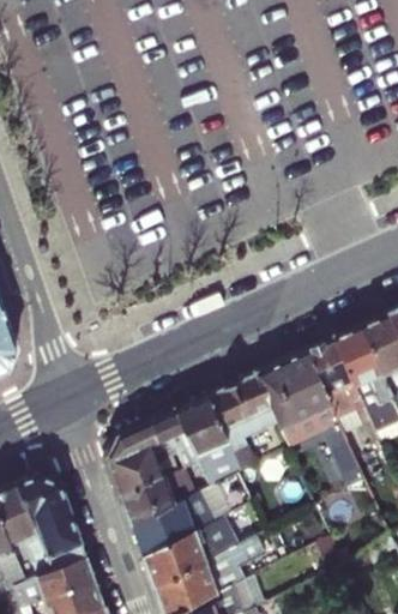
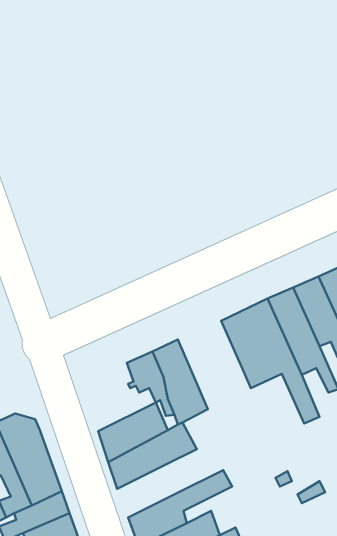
building: [211,375,281,449] -> none
building: [110,421,187,495] -> none
building: [145,531,210,589] -> none

